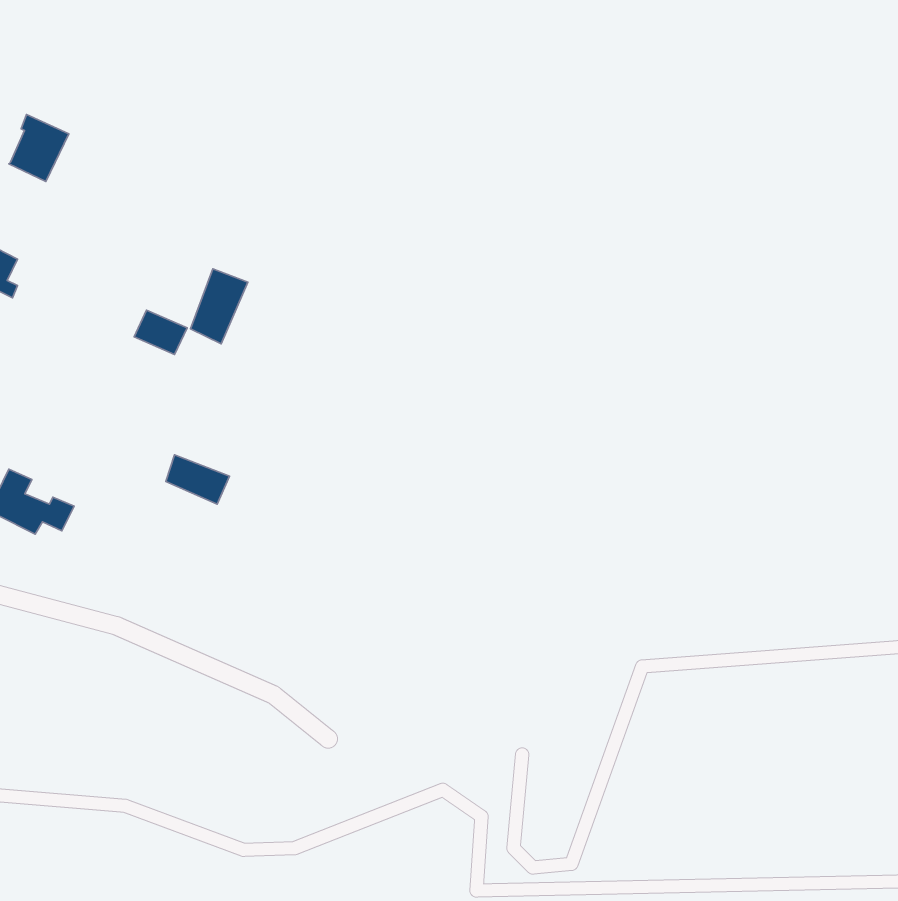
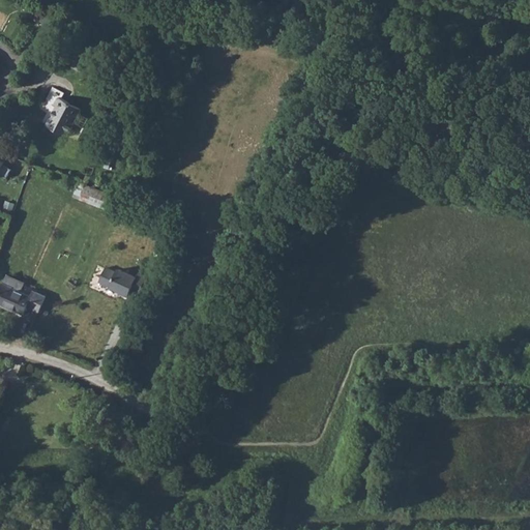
building: [9,115,69,182] -> [42,96,78,136]
building: [190,269,248,344] -> none

